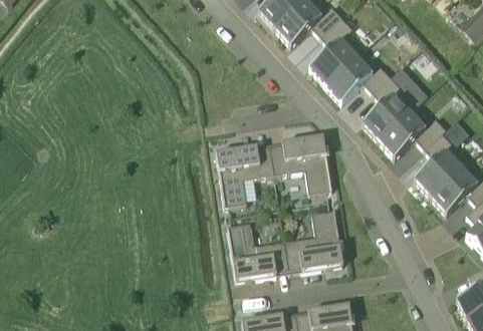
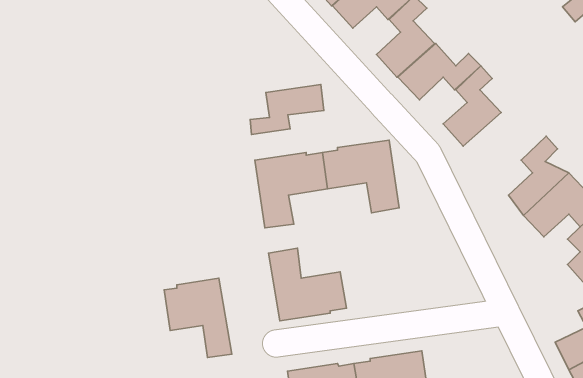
building: none -> [250,84,324,135]
building: [384,113,449,158] -> none
building: [284,210,342,270] -> none
building: none -> [164,278,232,358]

